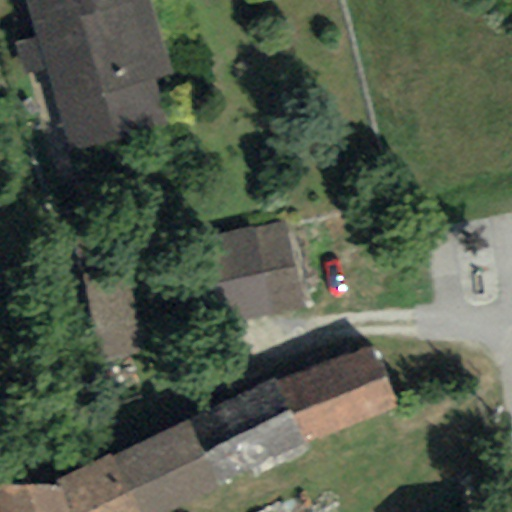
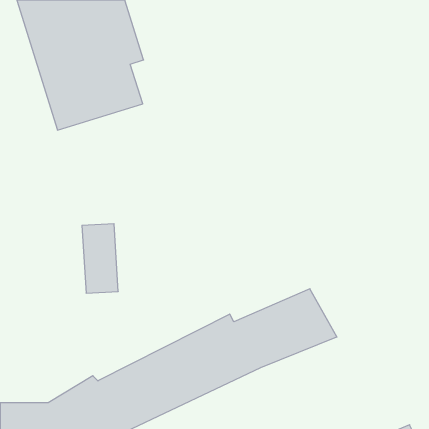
building: [211,222,306,328] -> none

